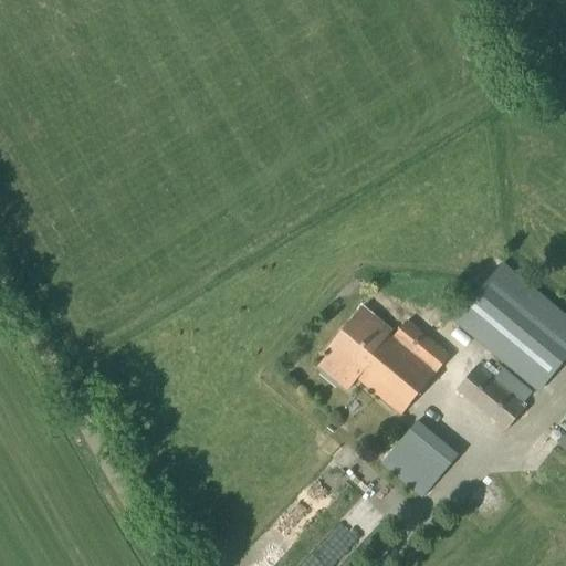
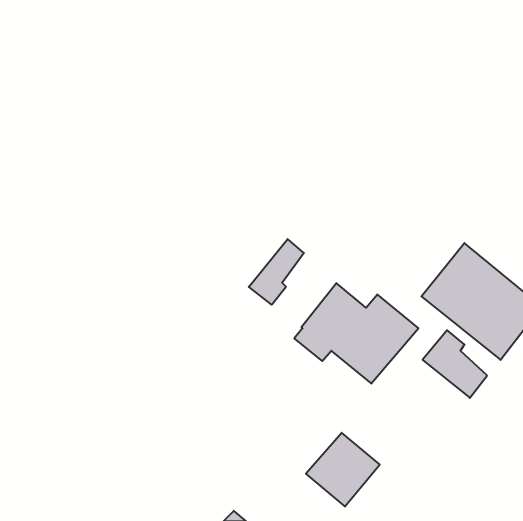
building: none -> [249,239,304,305]
building: [380,418,460,497] -> [306,433,380,507]

